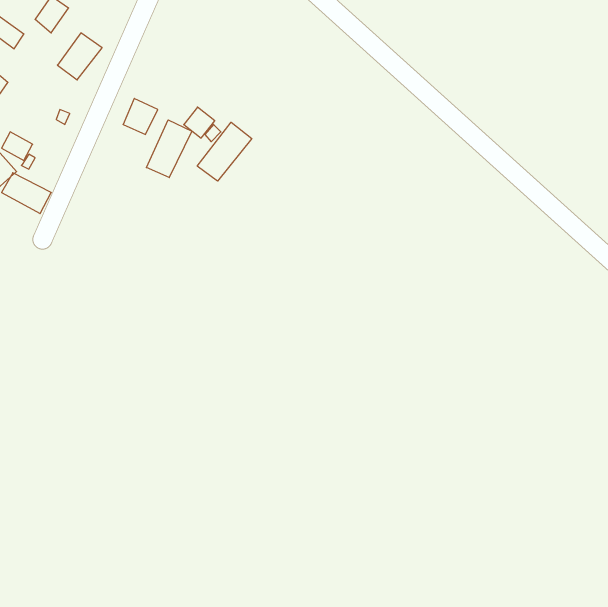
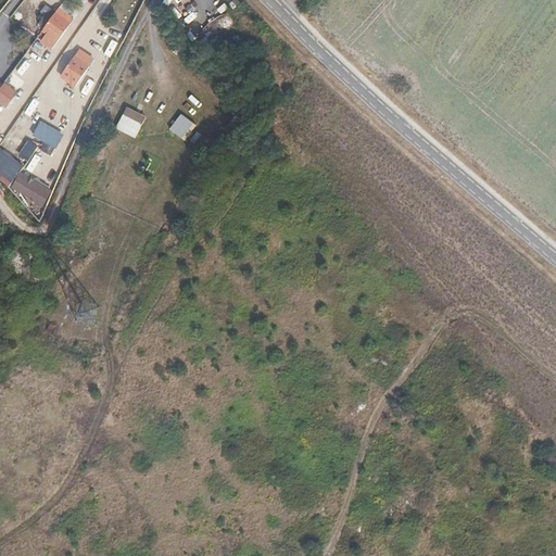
building: none -> [30,119,62,146]
building: [146,120,192,178] -> none
building: [197,122,252,181] -> none

